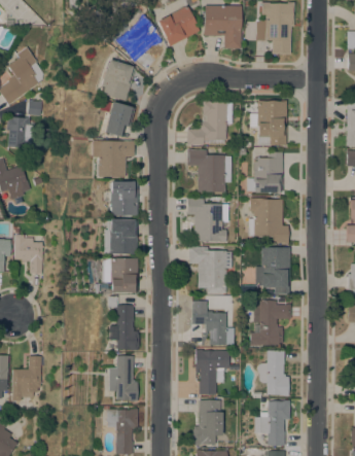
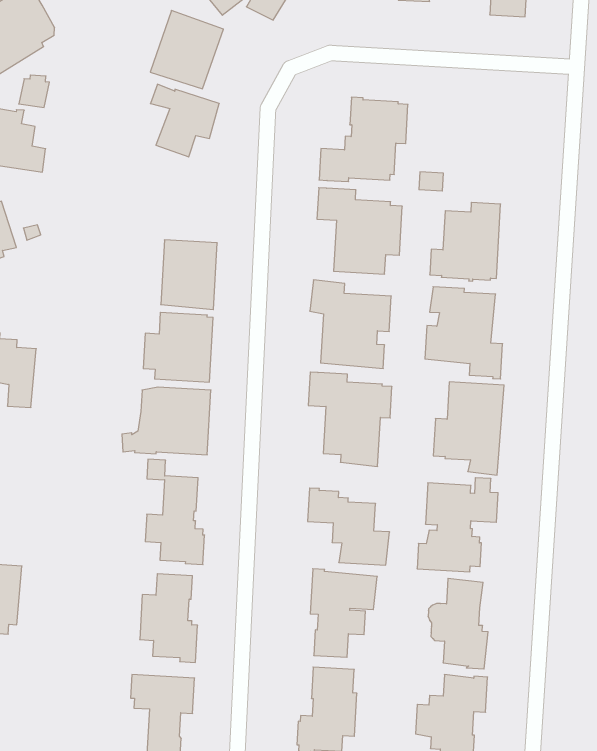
building: [249,101,286,145] -> none
building: [90,141,133,177] -> none

